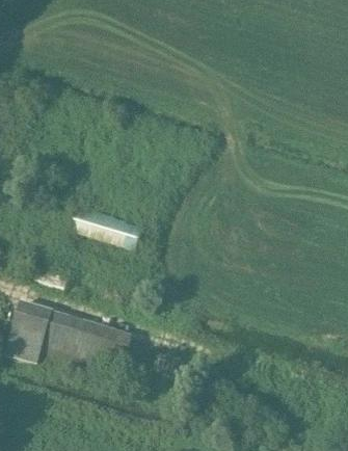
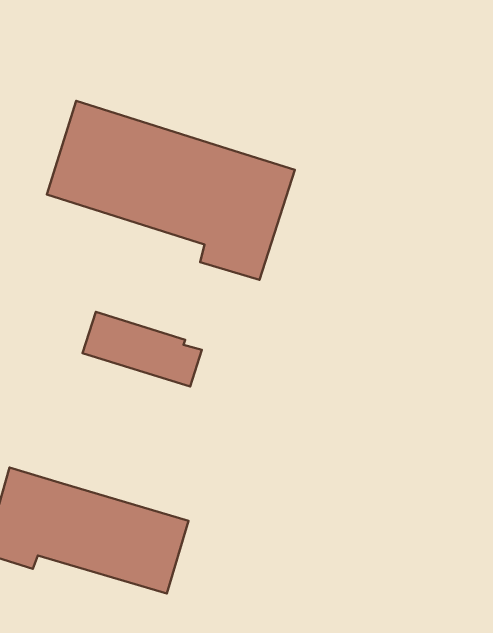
building: none -> [47,101,295,280]

